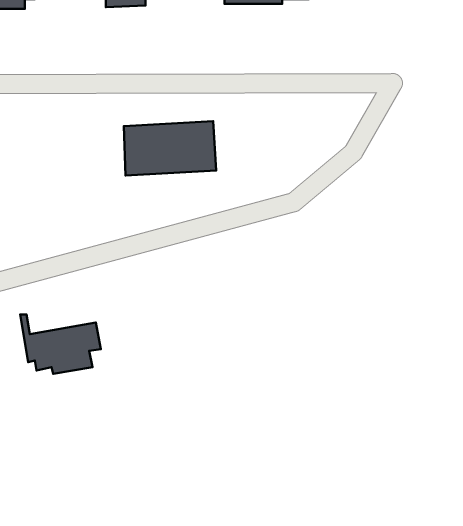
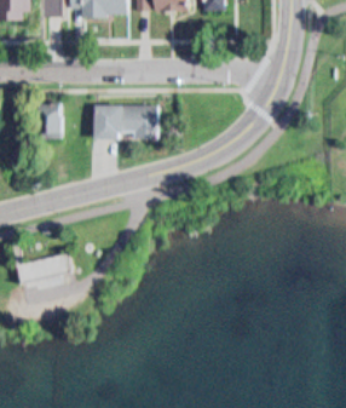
building: none -> [39,103,64,140]

